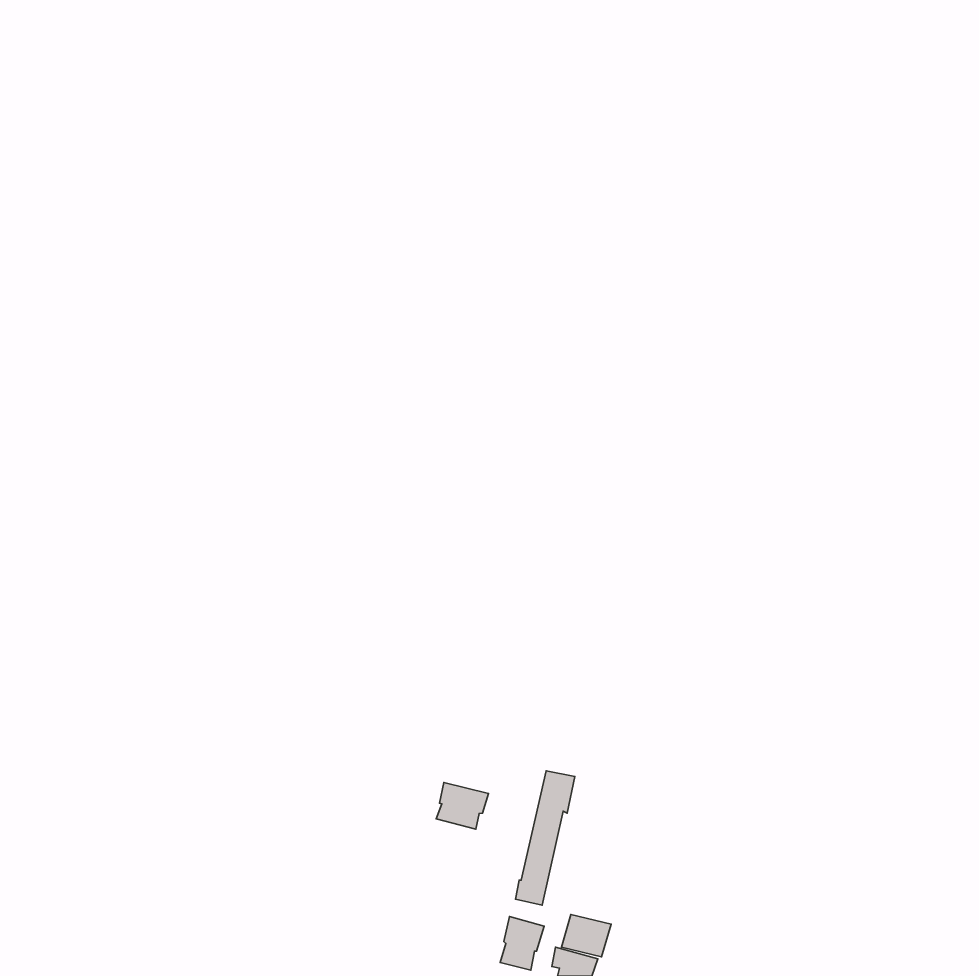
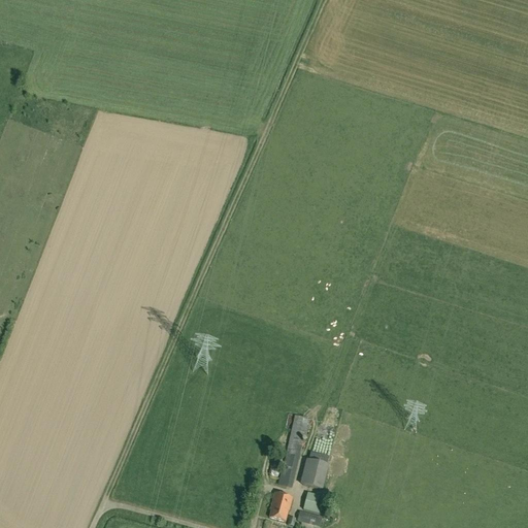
building: [436,782,489,829] -> none
building: none -> [300,451,329,489]

